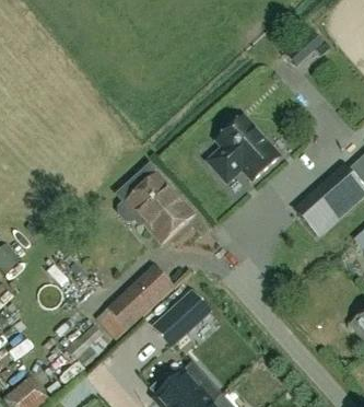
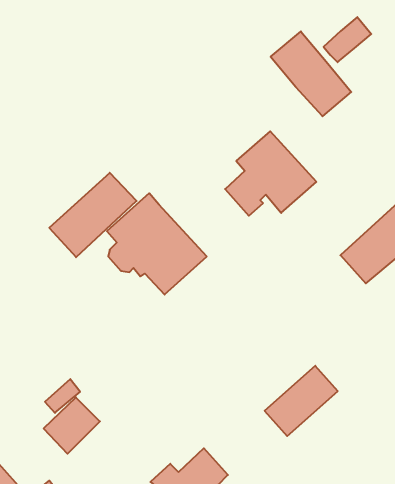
building: none -> [271,31,351,116]
building: [107,264,175,329] -> [49,173,137,257]
building: [153,291,210,346] -> [265,366,338,436]

